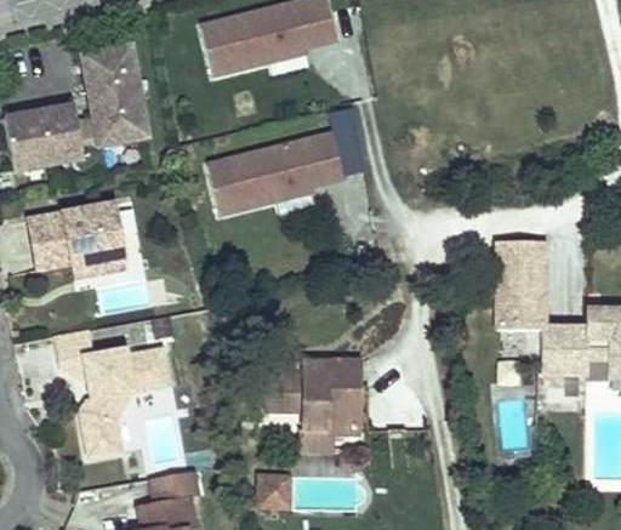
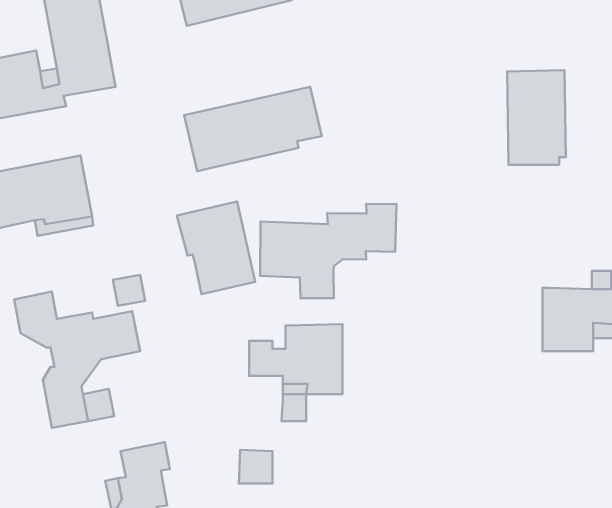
building: [497,241,552,330] -> [507,70,566,165]
building: none -> [177,202,255,294]
building: none -> [260,204,397,298]

